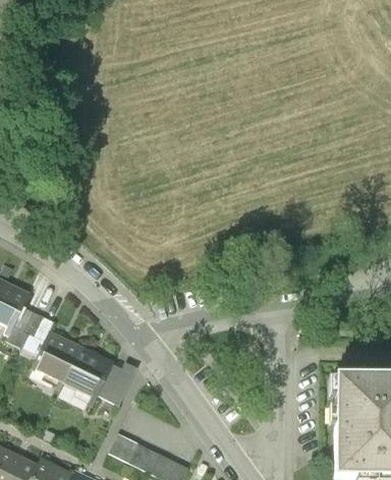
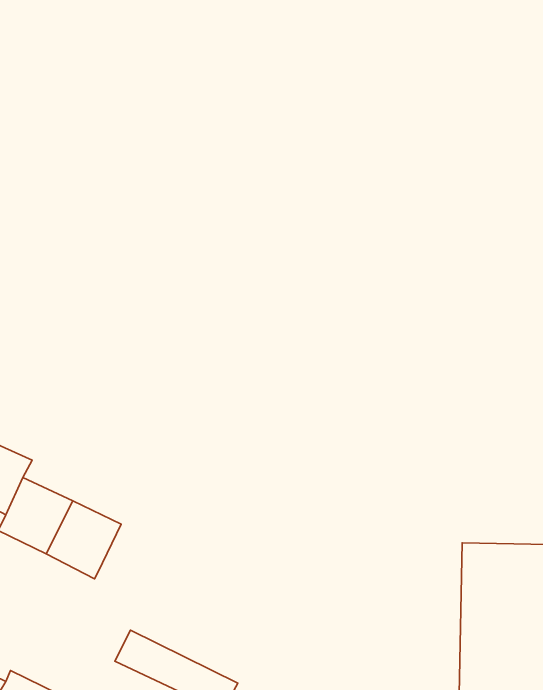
building: [98,360,137,404] -> none

